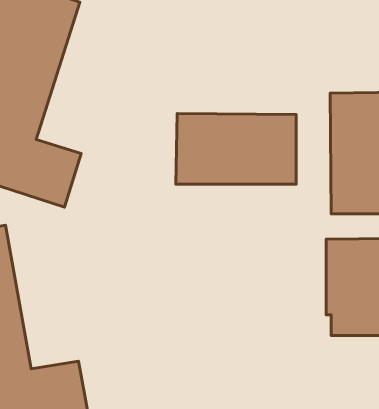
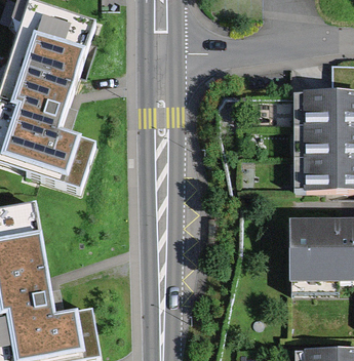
building: [176,114,296,184] -> none

